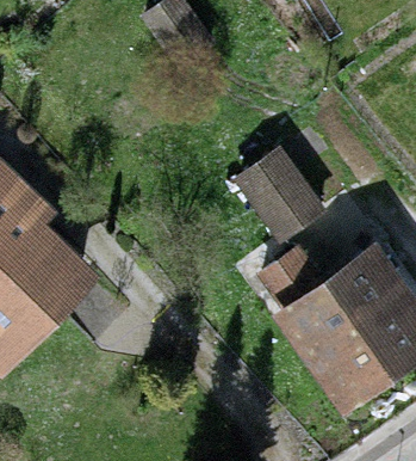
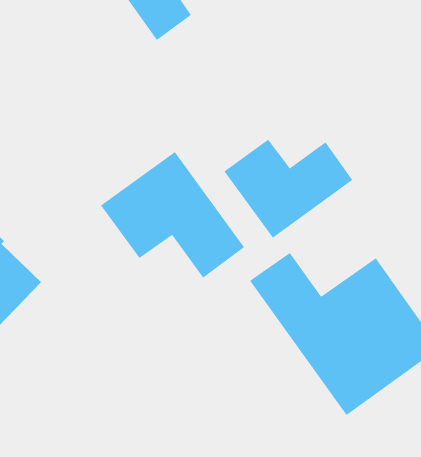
building: none -> [100,151,245,278]

